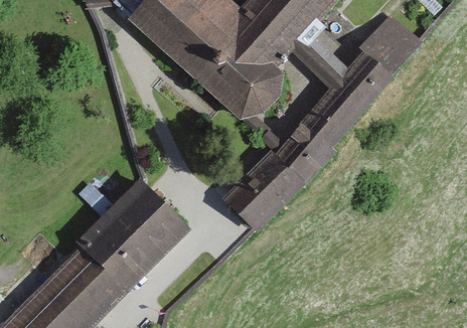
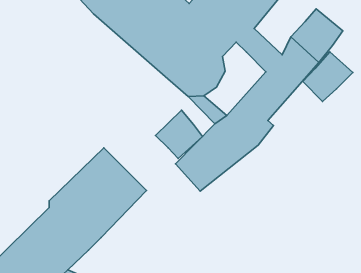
building: none -> [303,52,353,101]
building: none -> [156,110,202,159]

